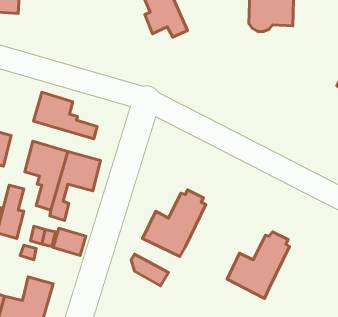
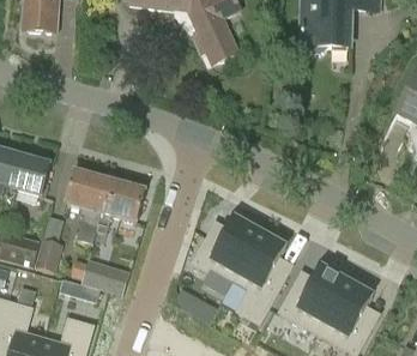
building: [33,92,97,139] -> none
building: none -> [235,234,282,294]
building: none -> [324,278,371,338]

